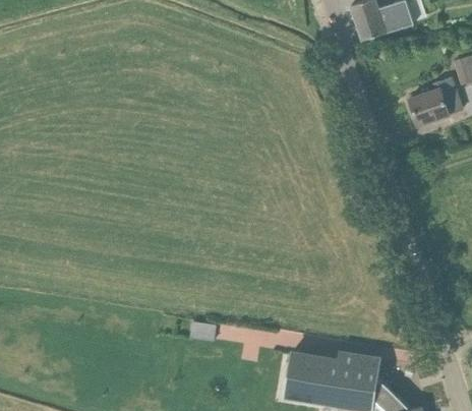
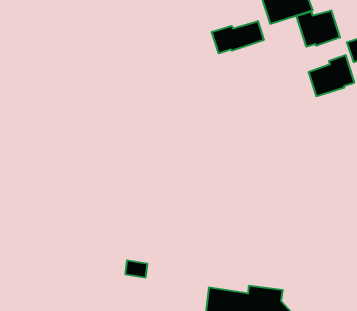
building: none -> [296,10,340,47]
building: none -> [212,21,264,53]

